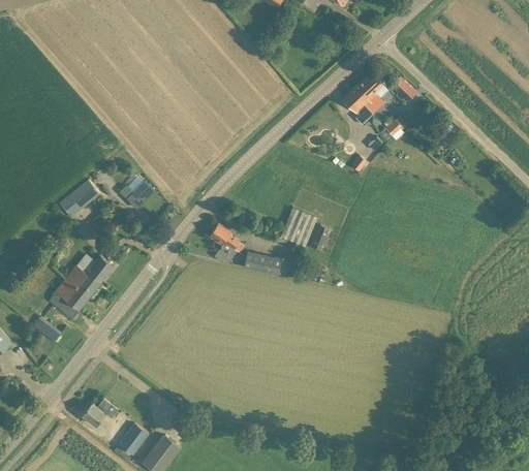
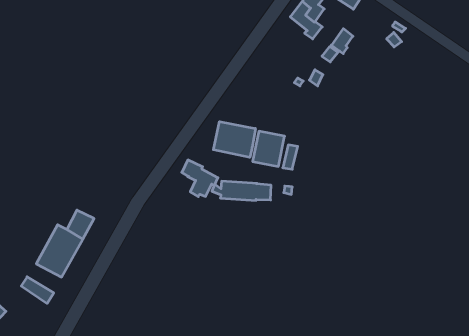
building: [59,179,100,217] -> none
building: [120,181,153,208] -> none
building: none -> [213,122,255,157]

